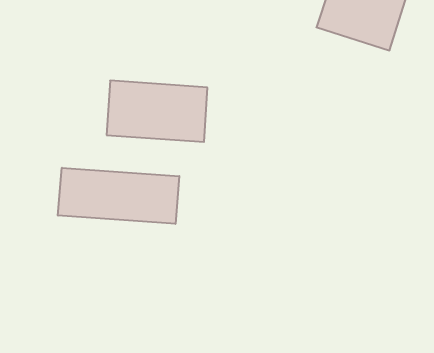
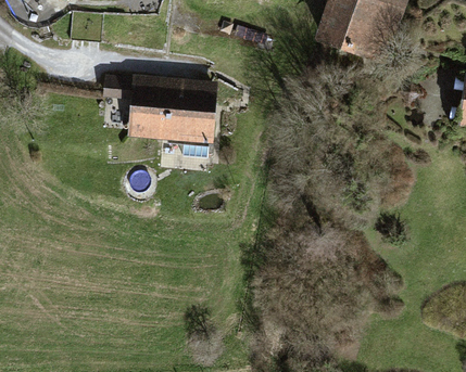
building: [58,168,179,224] -> none

